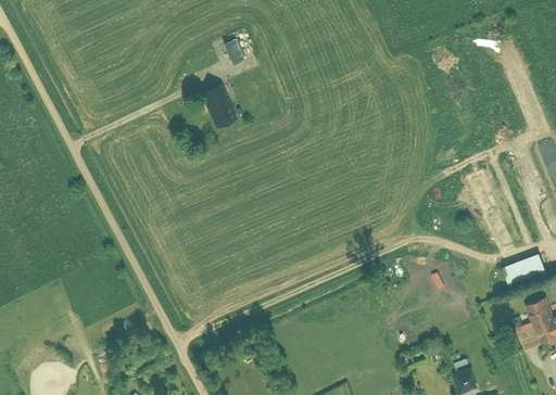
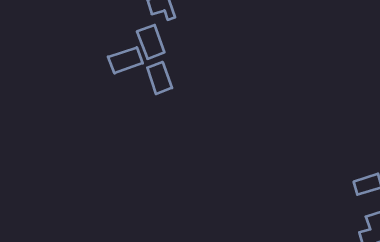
building: none -> [108,47,143,73]
building: none -> [147,62,172,94]

